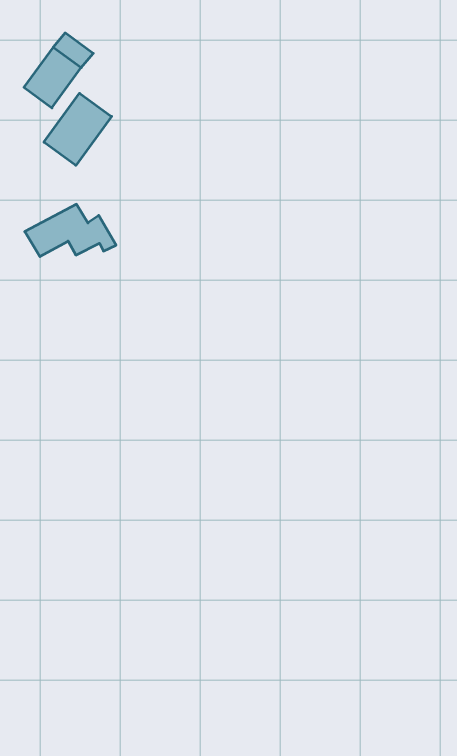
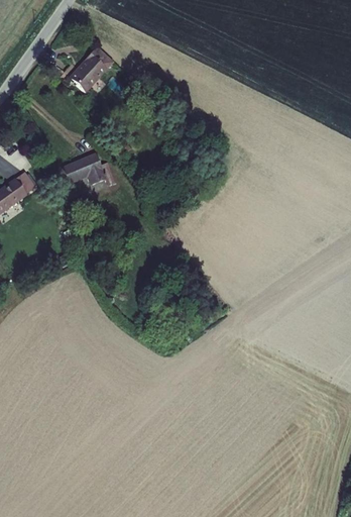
building: [44,93,112,165] -> none

